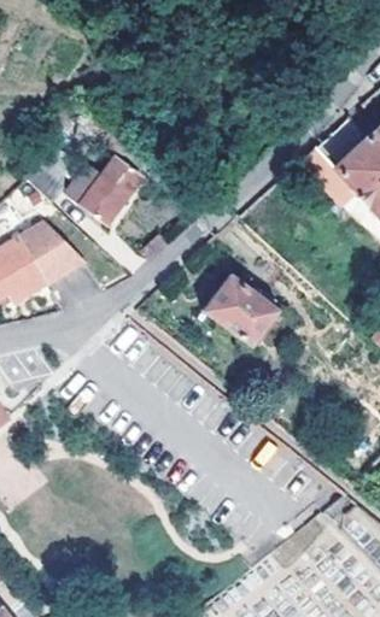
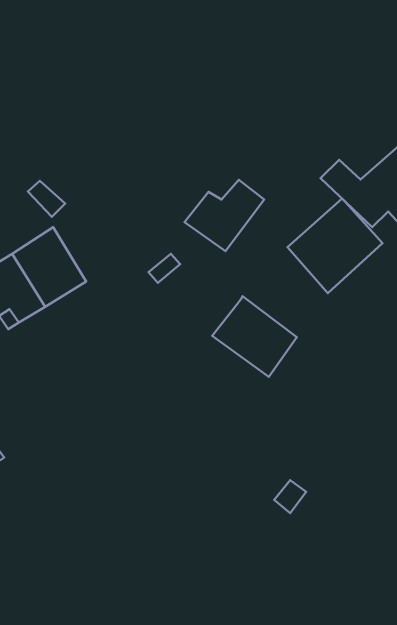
building: [68,154,140,219] -> [185,180,264,251]
building: none -> [288,199,383,293]

